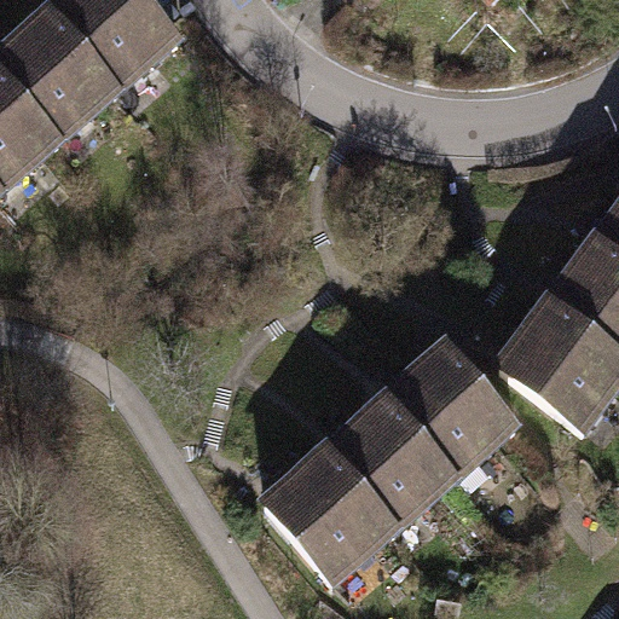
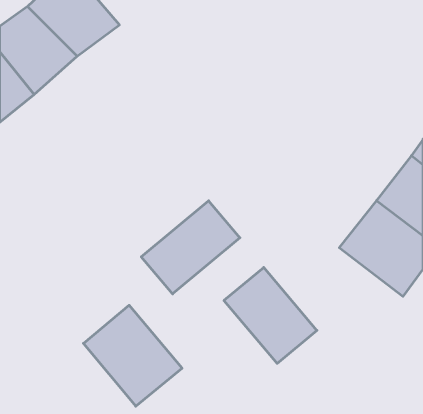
building: none -> [141,201,240,294]
building: [384,337,526,482] -> none
building: [260,439,404,586] -> [83,305,182,406]

